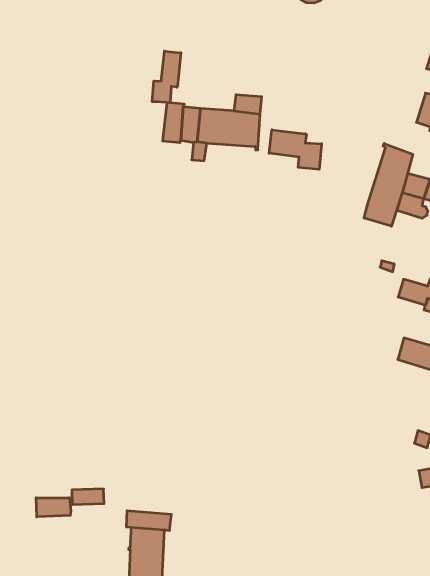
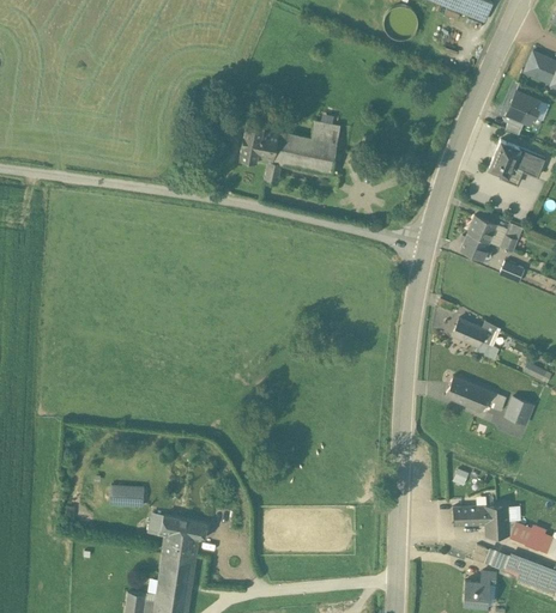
building: [152,51,181,103] -> none
building: [269,130,322,169] -> none
building: [364,143,413,226] -> none
building: [36,498,71,517] -> none

